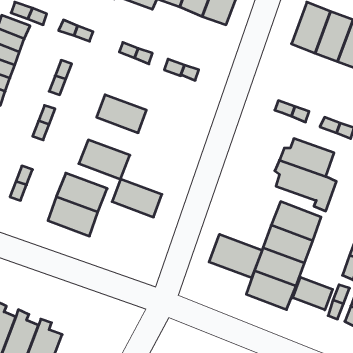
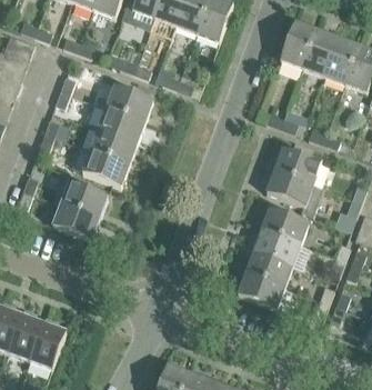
building: none -> [105,86,153,122]
building: [112,179,162,217] -> [90,129,137,164]
building: [209,234,262,278] -> none
building: [293,277,333,310] -> none

